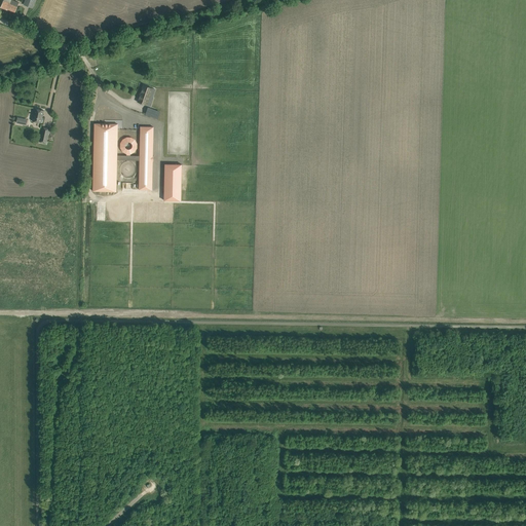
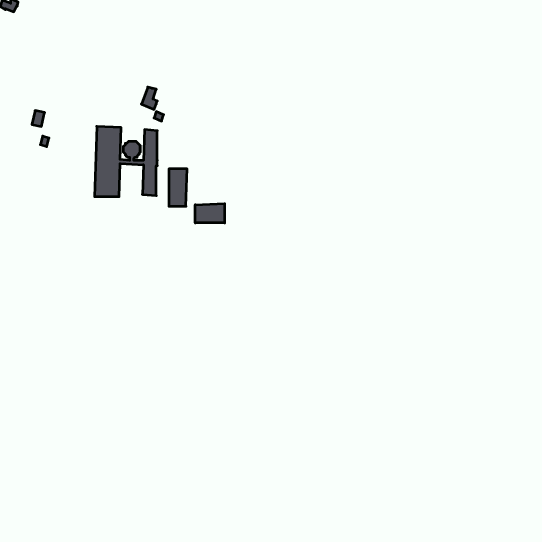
building: none -> [195,204,225,223]

